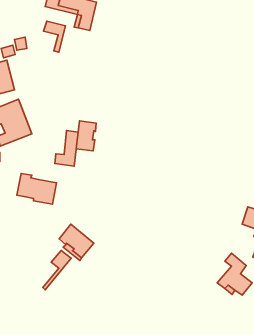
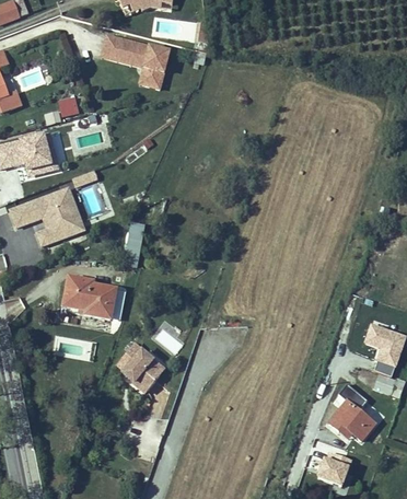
building: [44,21,66,52] -> none
building: [76,121,96,151] -> none
building: [43,250,71,290] -> none
building: none -> [317,450,352,486]

